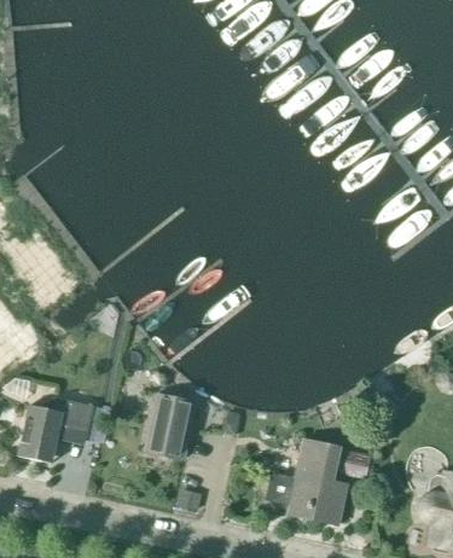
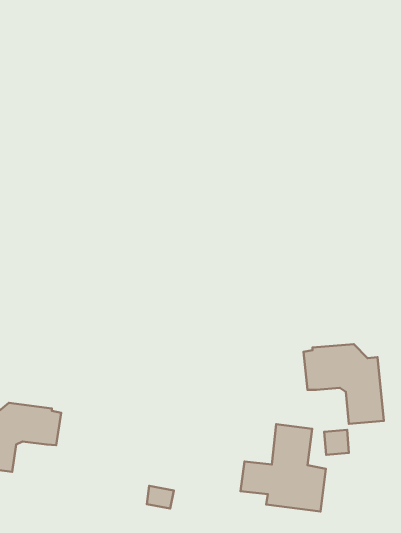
building: none -> [304,344,384,424]
building: [143,394,192,459] -> none

